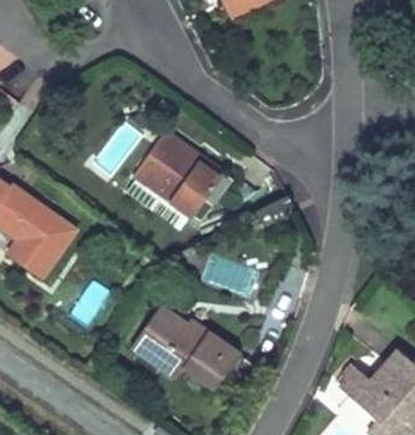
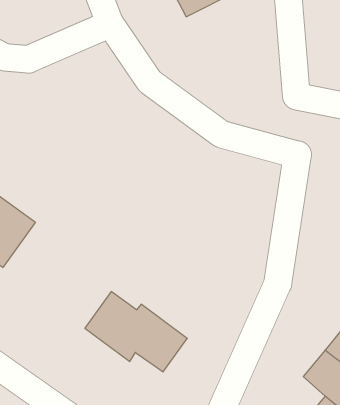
building: [136,129,220,214] -> none

